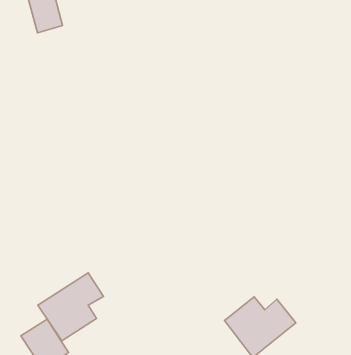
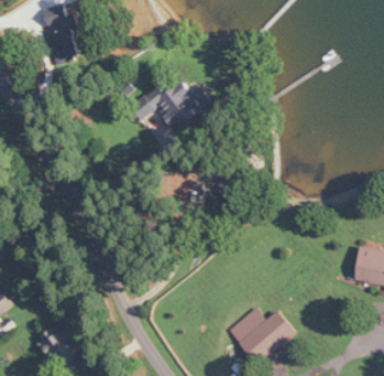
building: none -> [128,77,208,130]
building: [38,273,103,341] -> none

